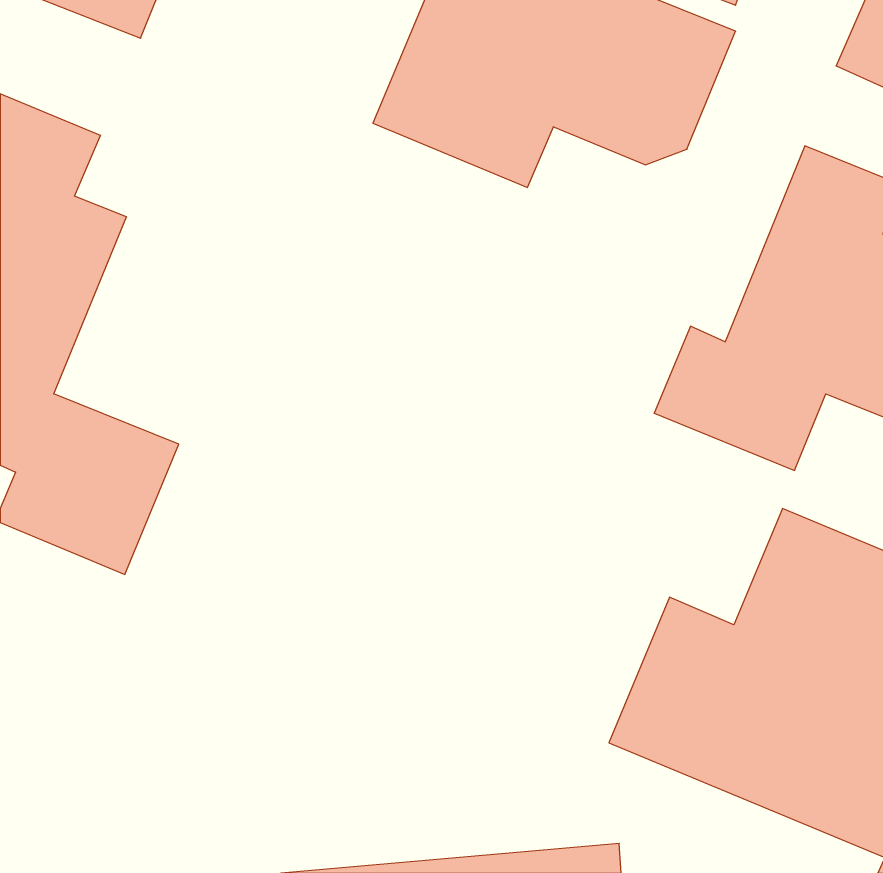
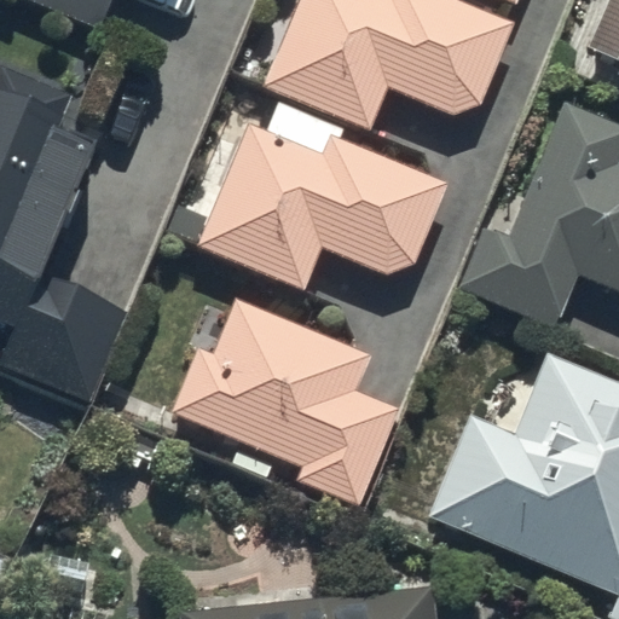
building: none -> [196,123,449,290]
building: none -> [170,299,399,507]

